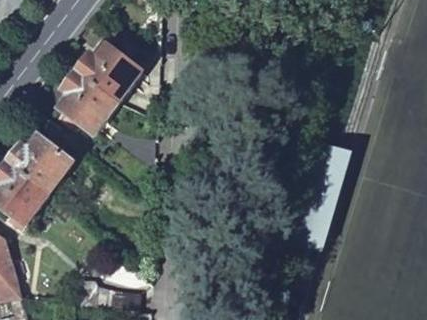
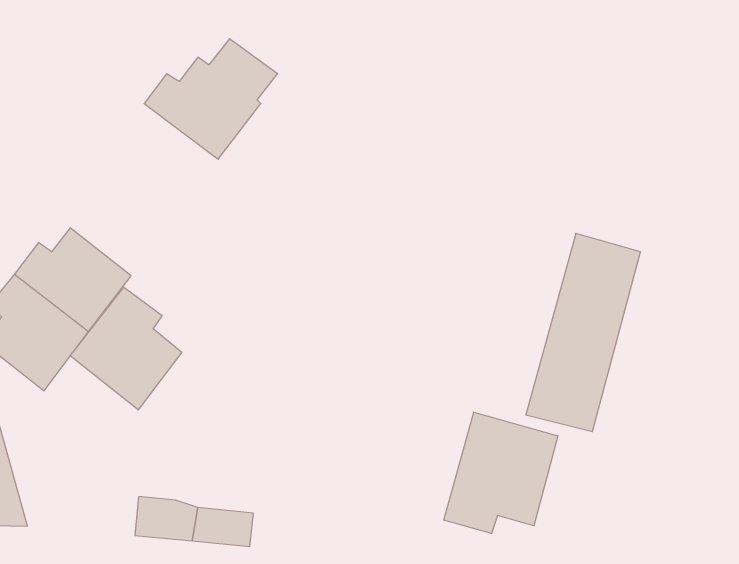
building: [62,70,119,131] -> none
building: none -> [70,287,182,410]
building: none -> [444,412,558,534]

